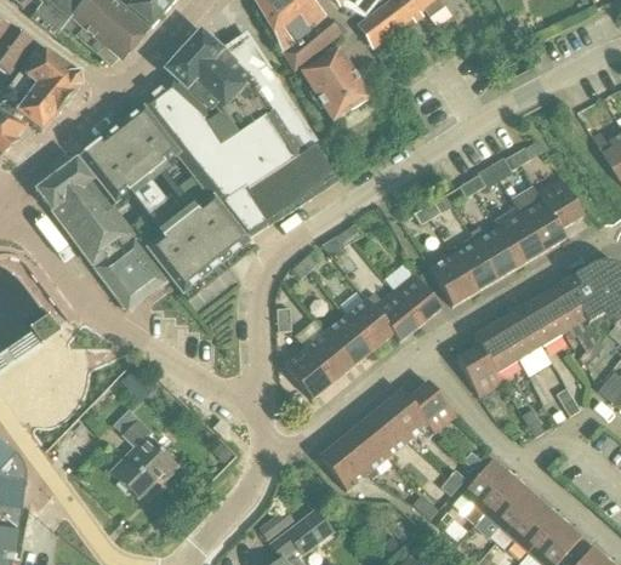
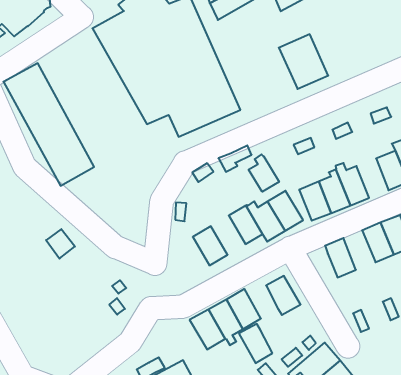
building: [301,47,369,119] -> [279,34,328,89]
building: [76,108,246,295] -> none
building: [497,213,542,264] -> none
building: none -> [249,154,279,192]
building: [495,307,540,358] -> none
building: [325,314,372,364] -> none
building: [456,343,501,394] -> none
building: [284,348,331,398] -> none
building: [380,388,426,438] -> [239,324,272,363]
building: [114,406,176,497] -> none

